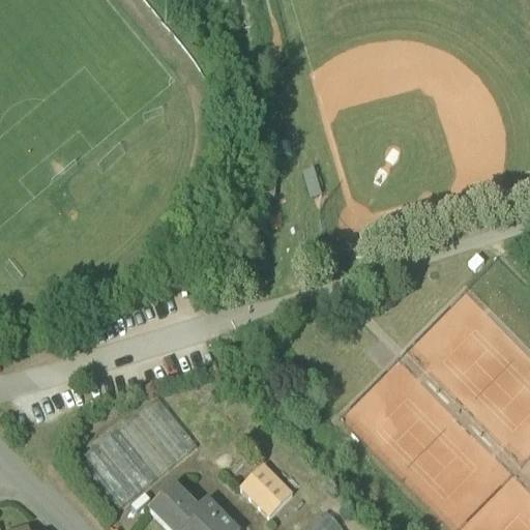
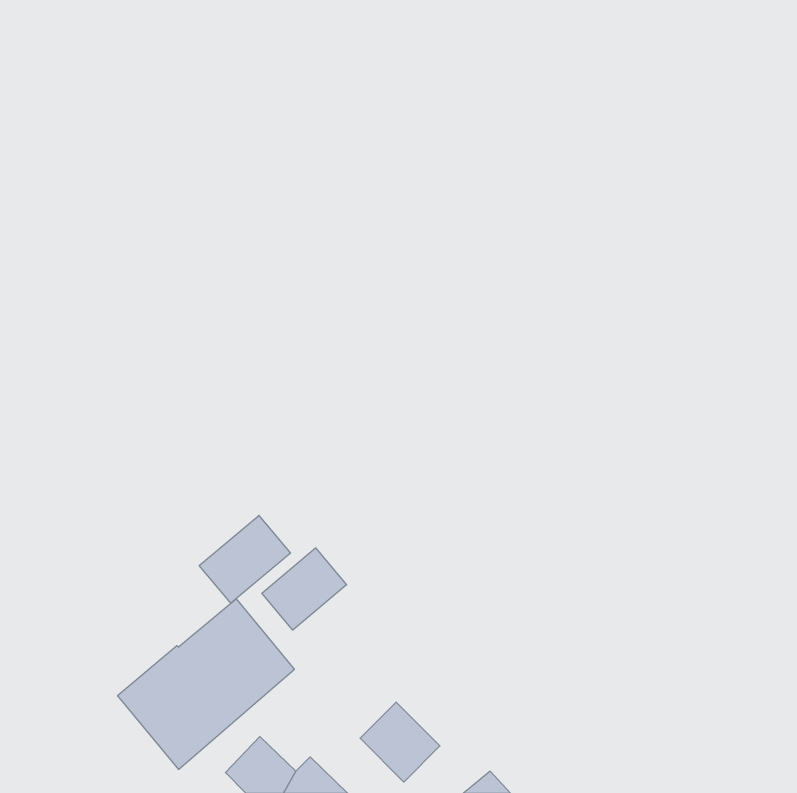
building: none -> [199,515,291,603]
building: none -> [262,548,347,630]

